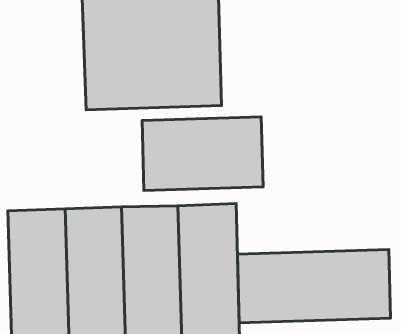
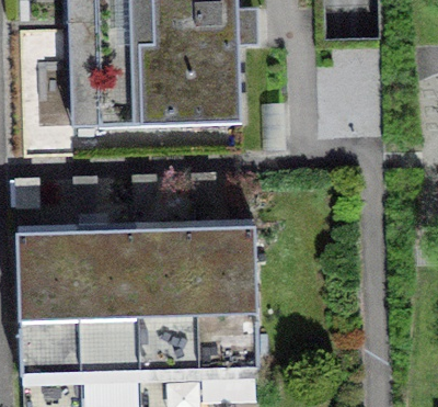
building: [142,117,263,191] -> none
building: [237,249,390,323] -> none

